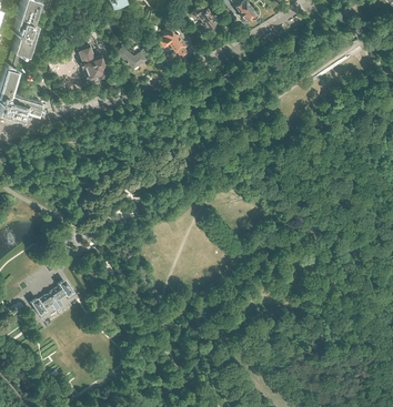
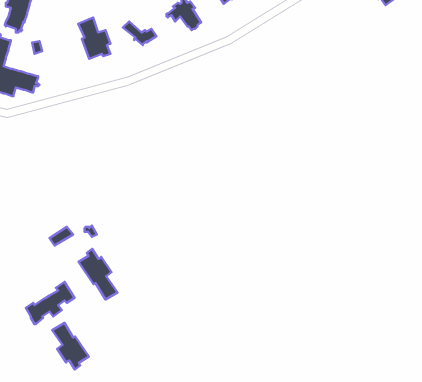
building: none -> [79,249,117,299]
building: none -> [52,323,89,370]

